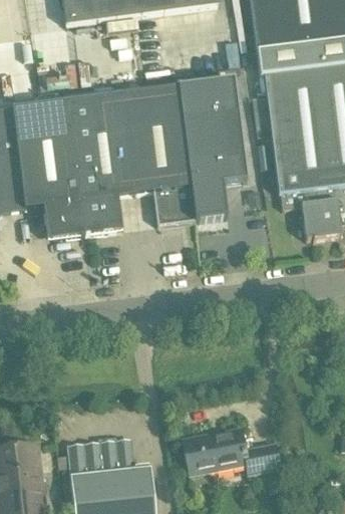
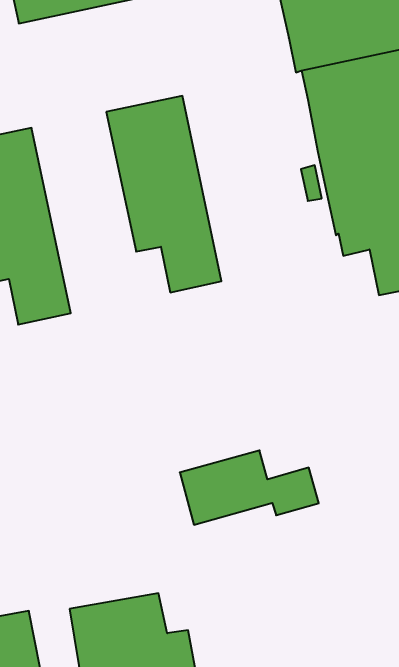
building: [178,77,247,219] -> none
building: [68,91,135,233] -> none
building: [183,426,280,475] -> [180,450,319,525]

